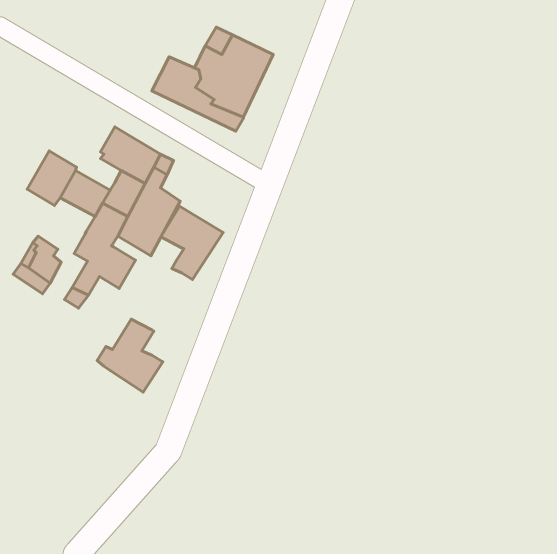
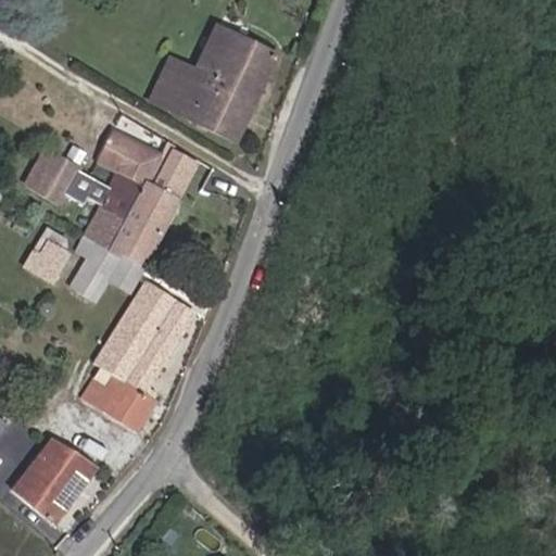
building: [161,206,223,279] -> [131,287,193,359]
building: none -> [86,364,154,426]
building: none -> [8,434,92,520]

